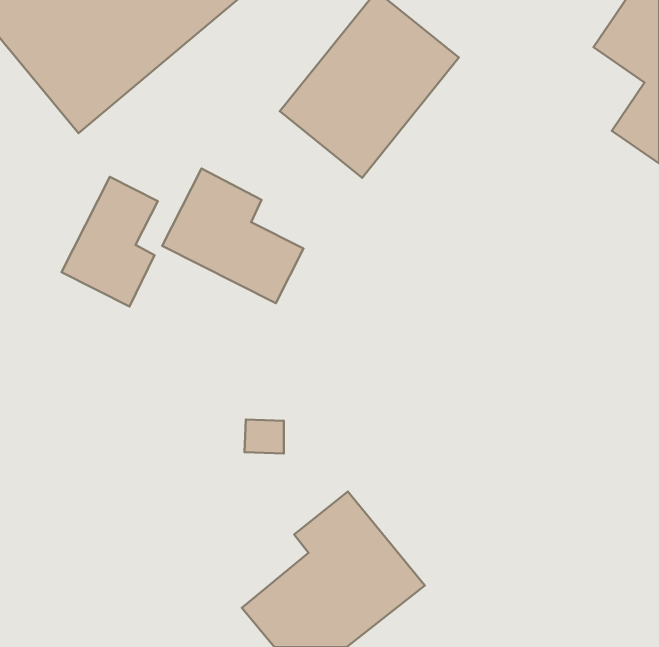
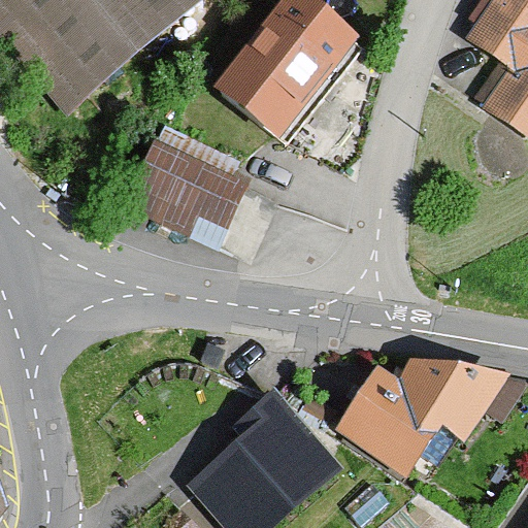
building: [62,177,158,306] -> none
building: none -> [338,359,506,480]

